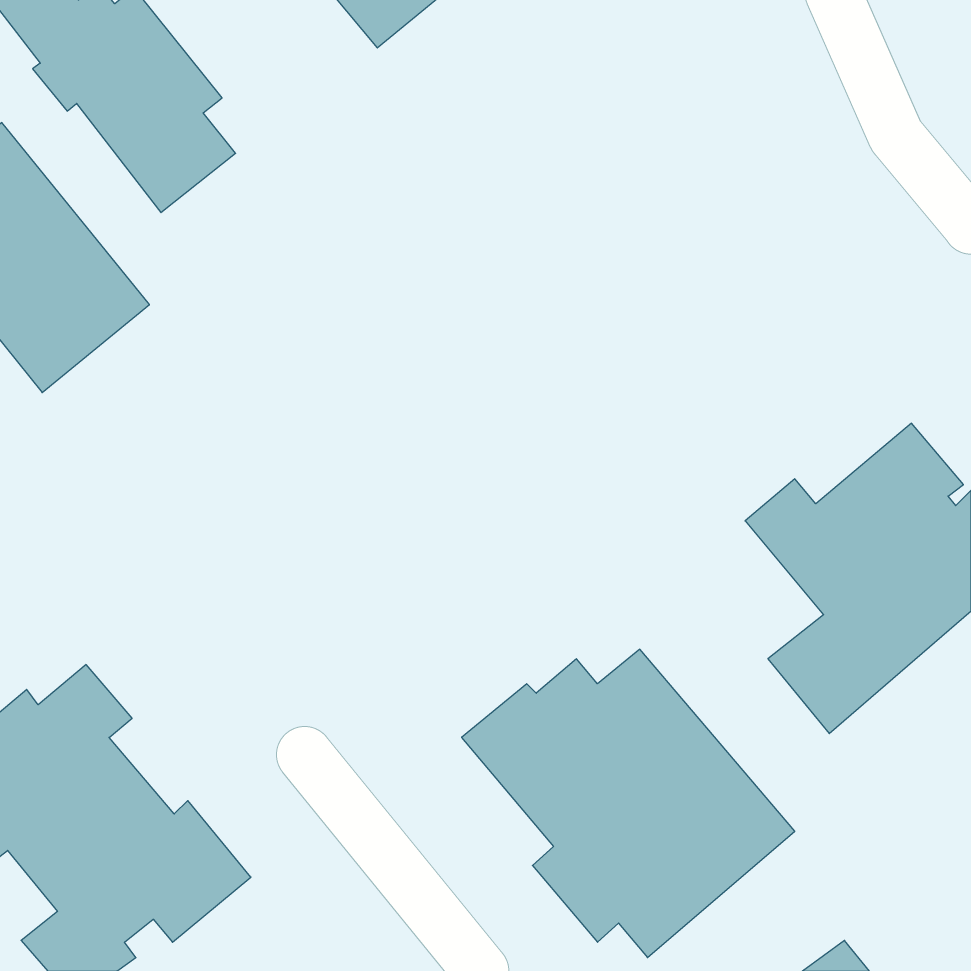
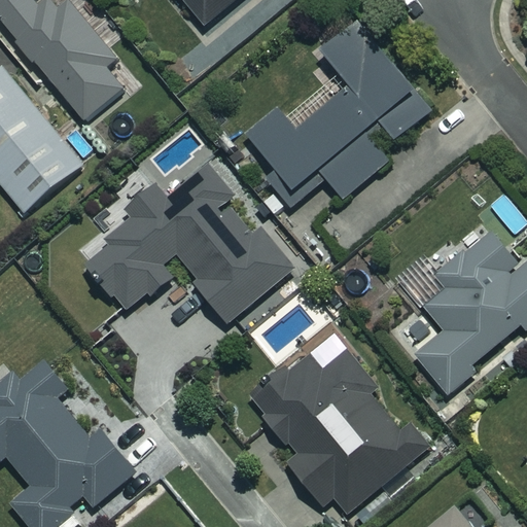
building: none -> [244,19,430,206]
building: none -> [82,165,292,323]

